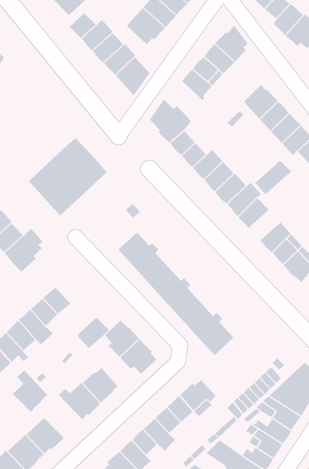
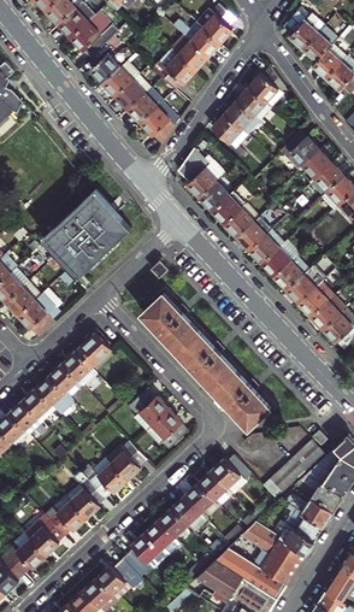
building: [255,160,292,195] -> [285,264,326,302]
building: [77,317,110,349] -> [75,333,111,367]
building: [12,370,48,413] -> [64,471,104,518]

